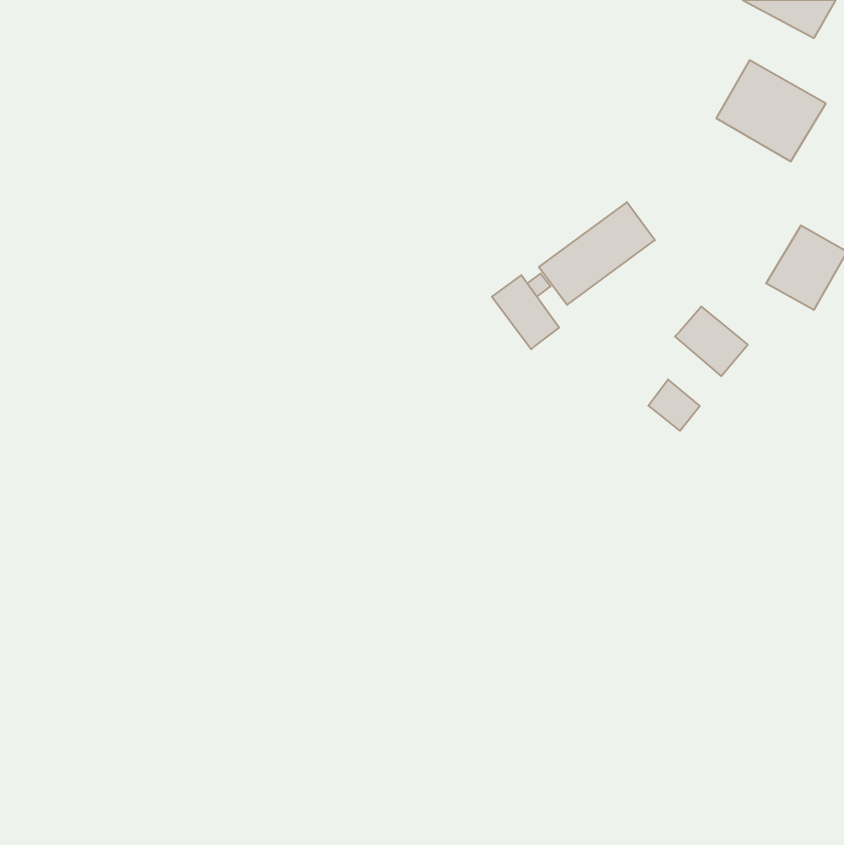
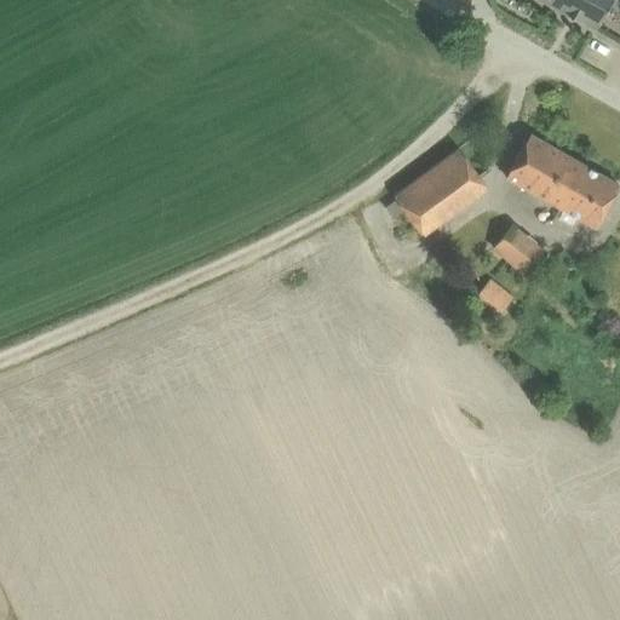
building: [716,60,826,161] -> [507,134,587,208]
building: [492,275,559,349] -> none

